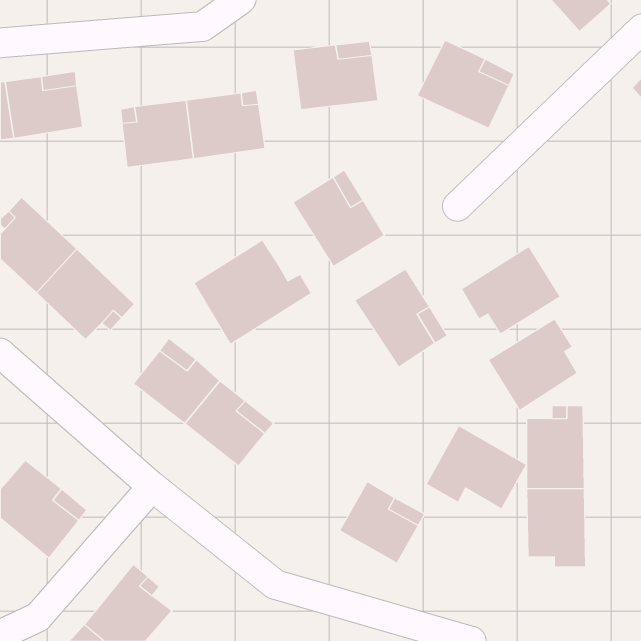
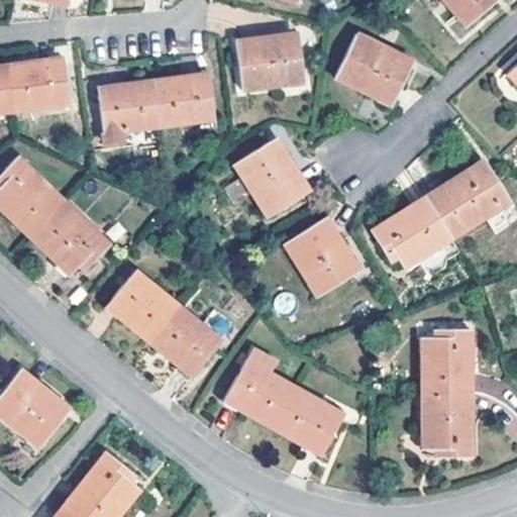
building: [194,240,312,344] -> none
building: [488,319,577,411] -> [426,165,498,238]
building: [426,425,527,509] -> none
building: none -> [225,348,296,426]

